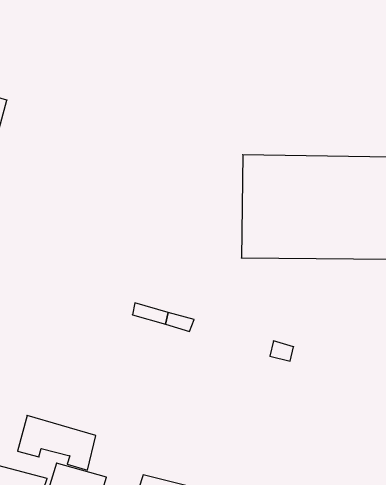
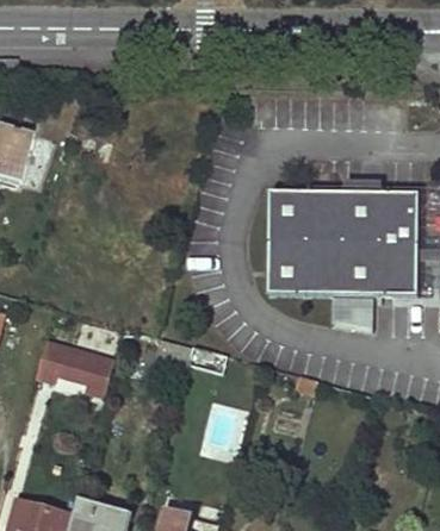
building: [18,415,96,470] -> [36,341,114,395]

